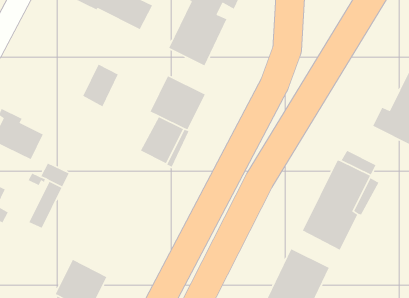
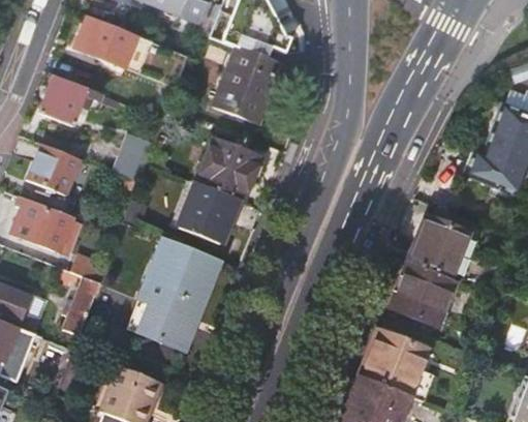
building: none -> [36,74,100,125]
building: none -> [26,143,79,194]
building: none -> [136,232,226,351]

